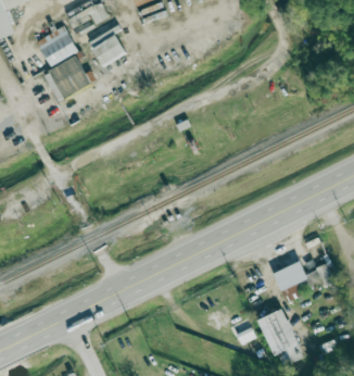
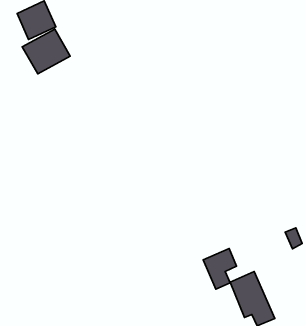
building: [91,35,125,66] -> none
building: [273,261,307,303] -> [203,248,237,289]

